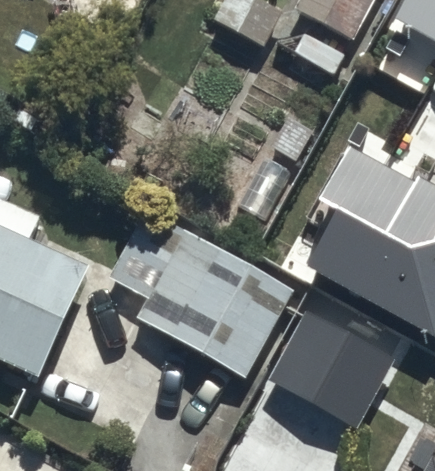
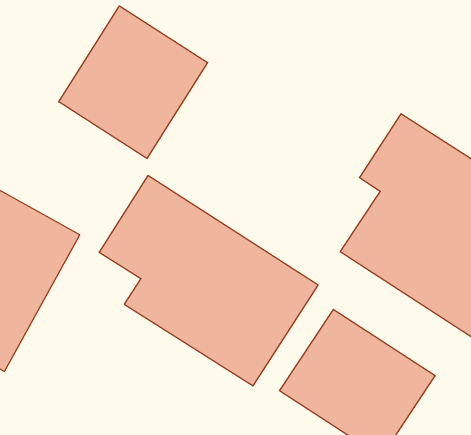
building: none -> [59,6,208,159]

